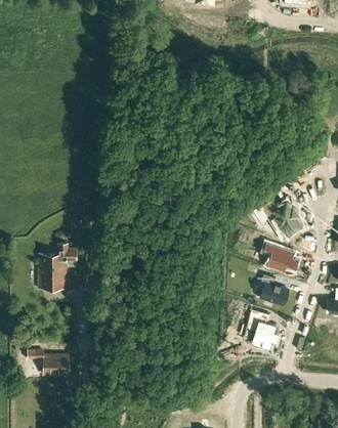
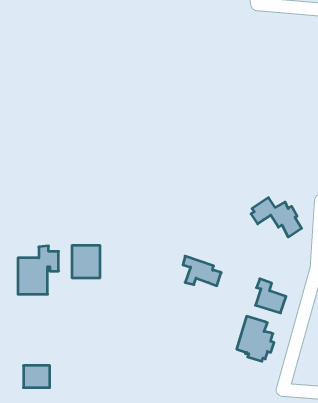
building: [263,242,299,269] -> [183,256,221,286]
building: none -> [72,245,100,278]

